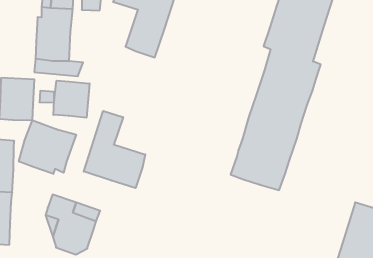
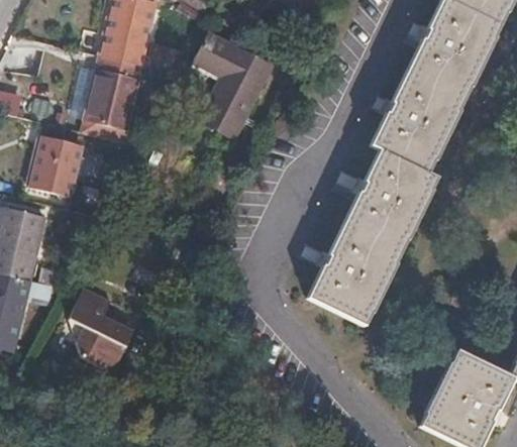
building: [53,81,90,118] -> none
building: [84,111,145,188] -> none
building: [19,120,76,174] -> none

